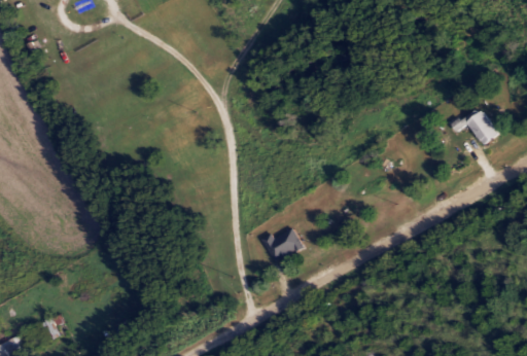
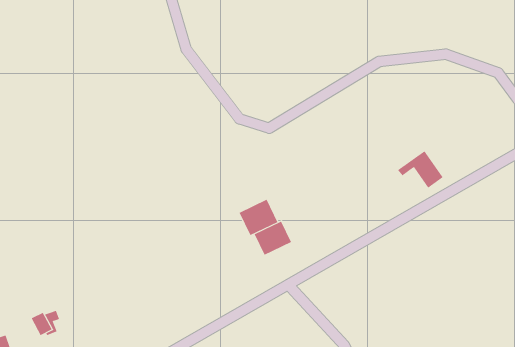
building: [451,106,497,144] -> [397,151,443,189]
building: none -> [239,199,278,236]

